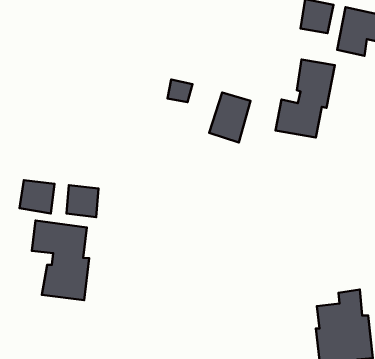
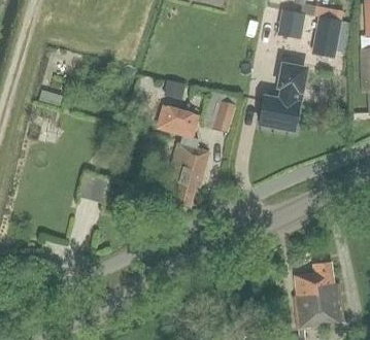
building: none -> [156,104,210,207]
building: [19,180,54,213] -> none
building: [32,221,89,300] -> none

